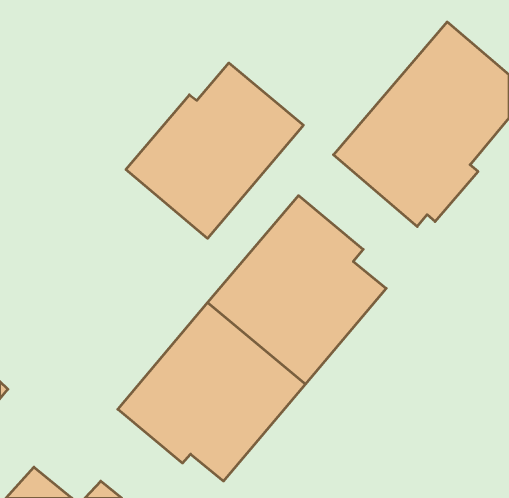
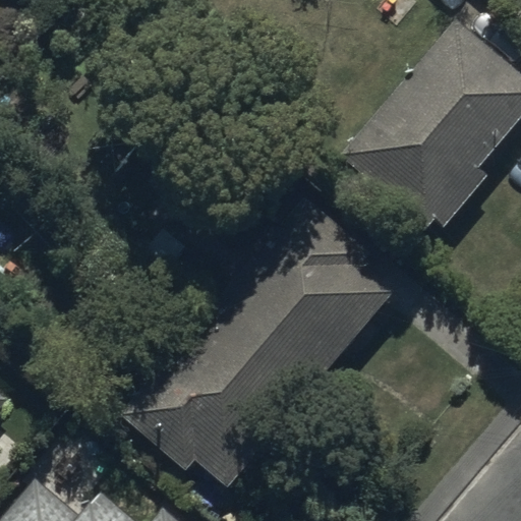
building: [126,63,303,238] -> none

